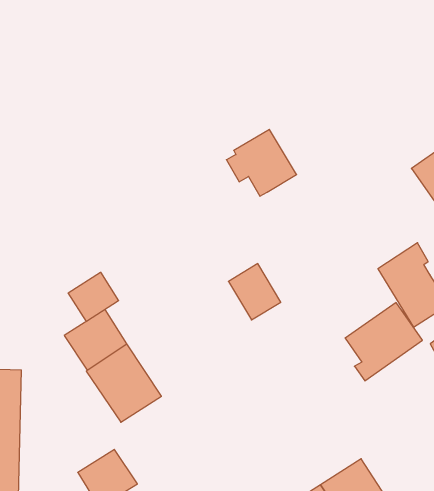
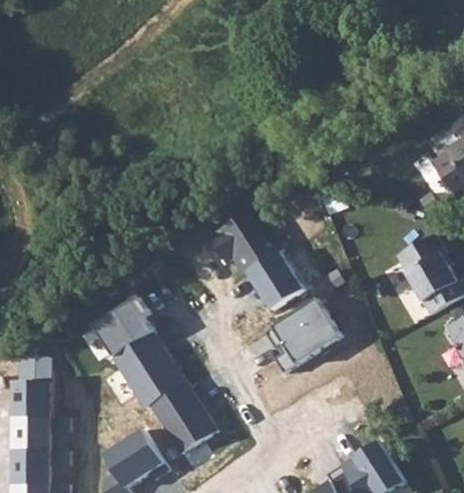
building: [226,129,297,196] -> [211,210,279,275]
building: [68,272,119,321] -> none
building: [345,303,422,381] -> [267,300,341,375]
building: none -> [147,381,218,455]

